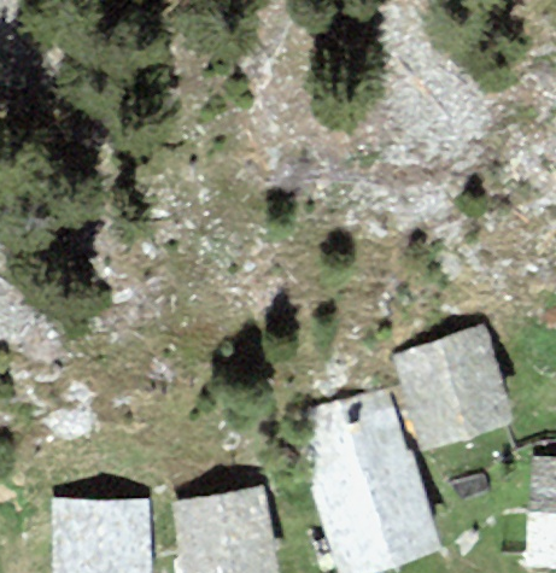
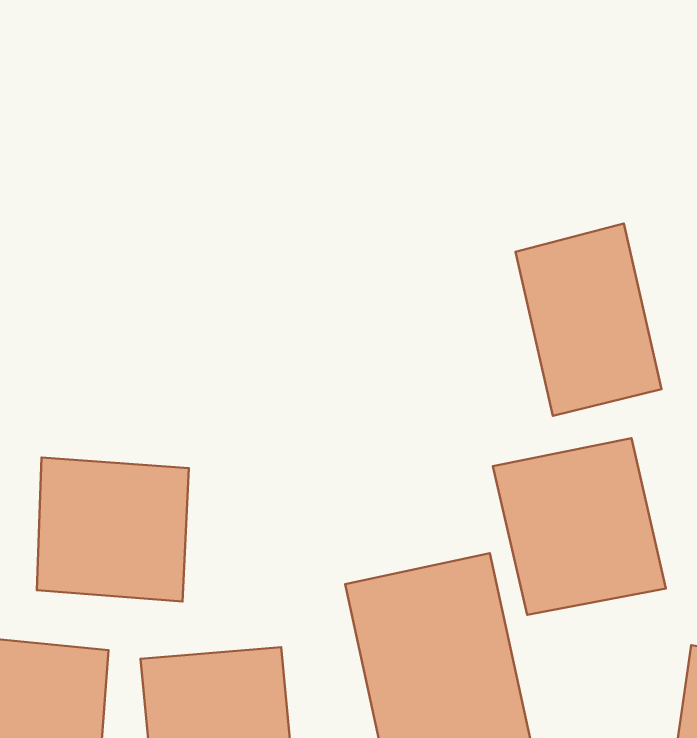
building: none -> [516,223,662,416]
building: none -> [37,457,189,601]

